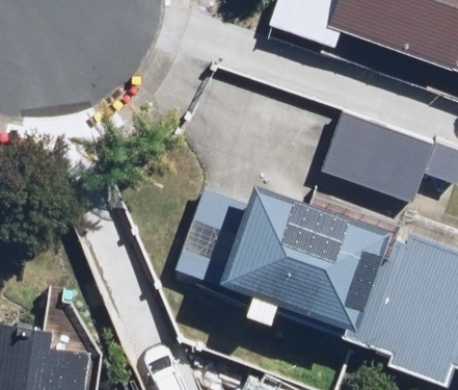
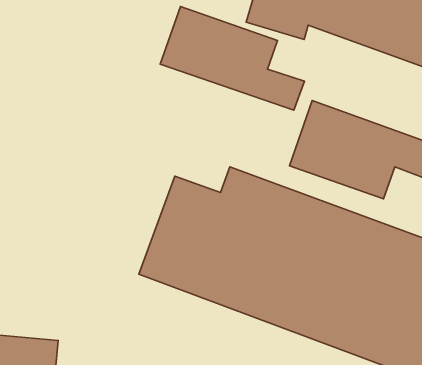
building: none -> [160,6,304,110]

